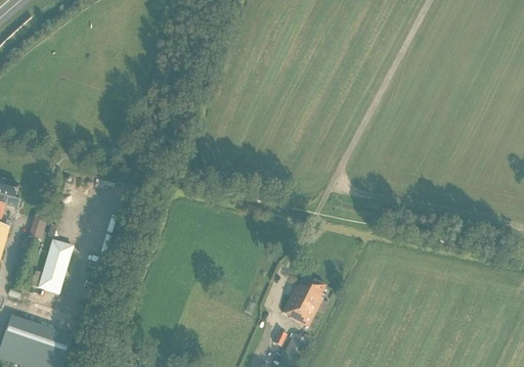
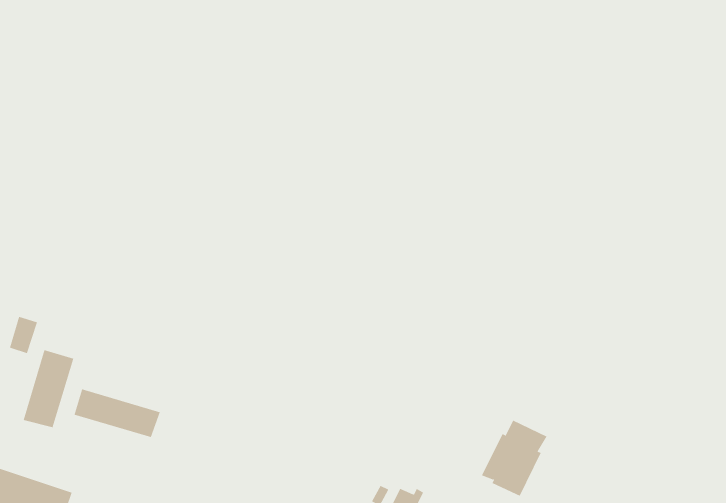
building: none -> [74,388,160,438]
building: [281,274,326,326] -> [481,420,547,497]

